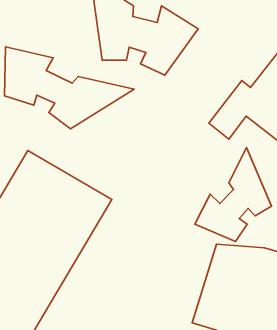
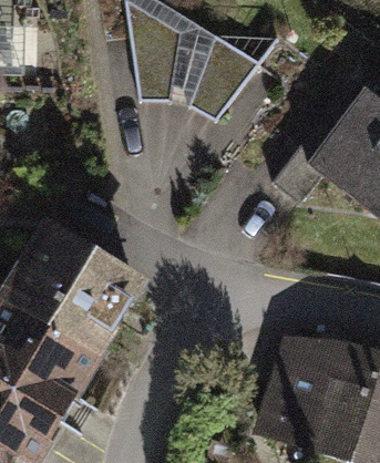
building: [5,47,134,129] -> none
building: [195,147,271,242] -> none

